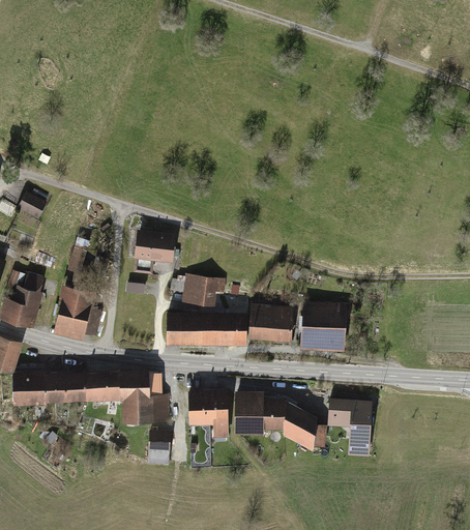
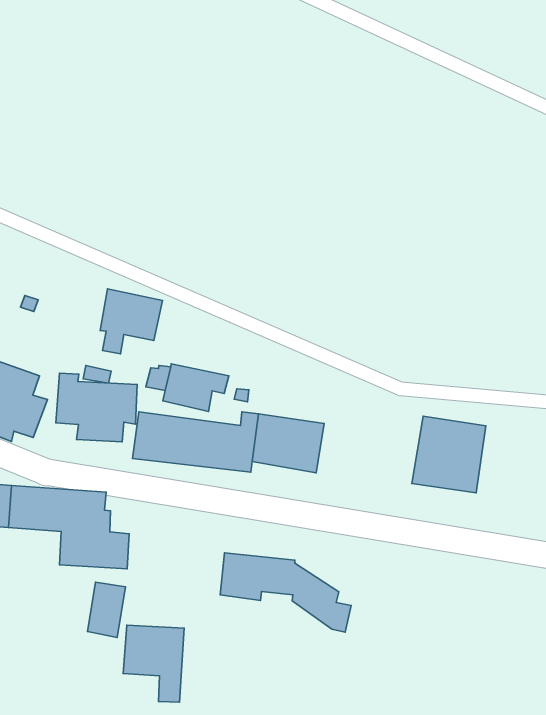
building: none -> [56,373,137,442]
building: [300,302,347,351] -> [412,416,486,493]
building: [187,388,229,440] -> [123,625,184,702]
building: [329,402,371,454] -> none

